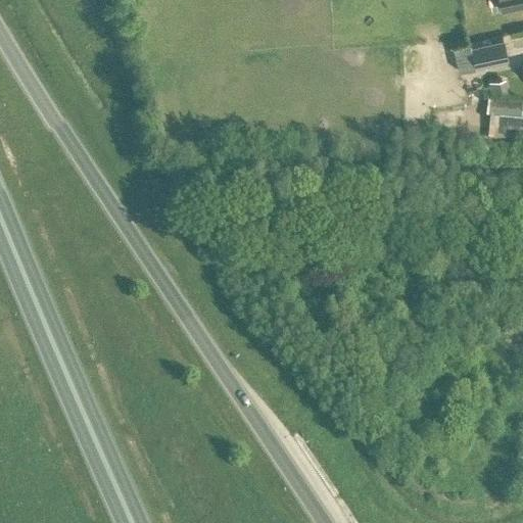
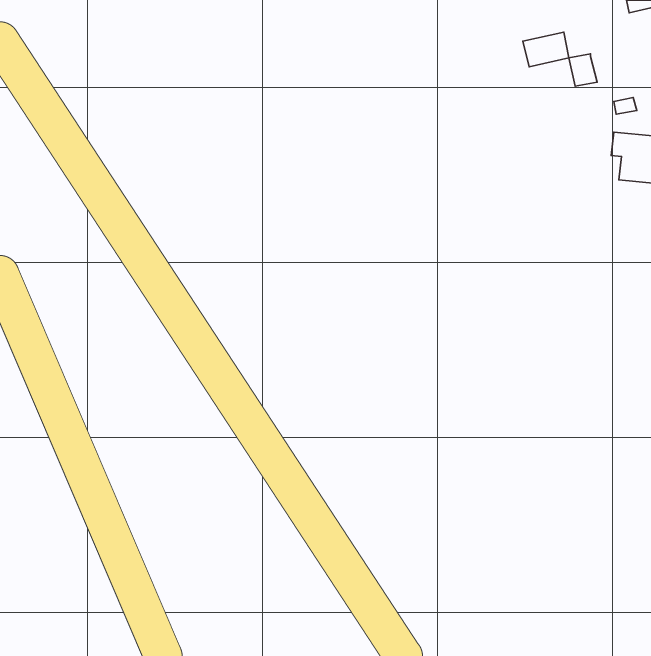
building: [474,38,511,65] -> [523,32,569,67]

